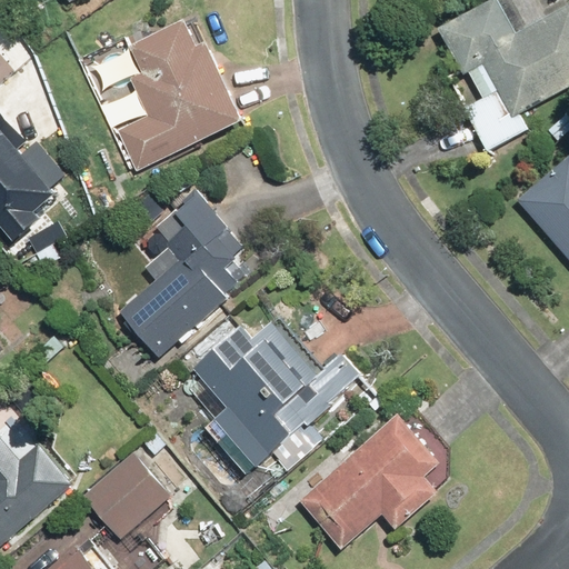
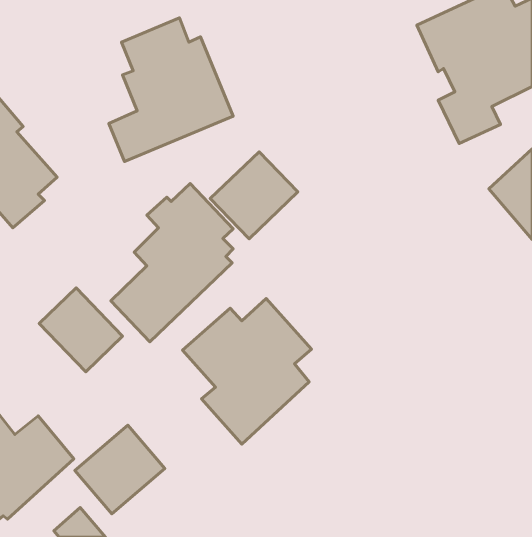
building: none -> [210,152,298,239]
building: none -> [39,288,123,372]
building: [298,410,451,550] -> none

